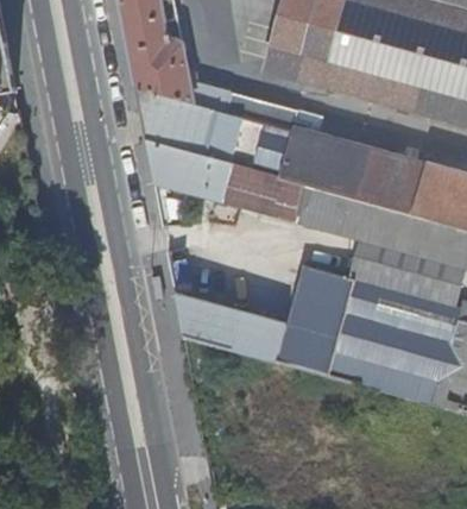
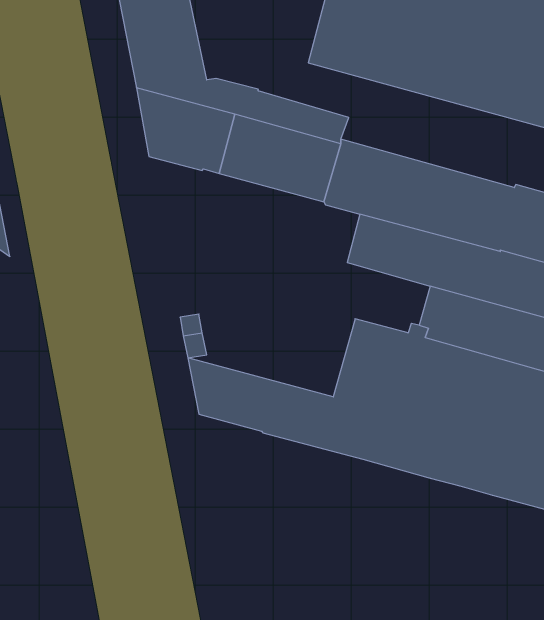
building: [146,140,307,221] -> none

